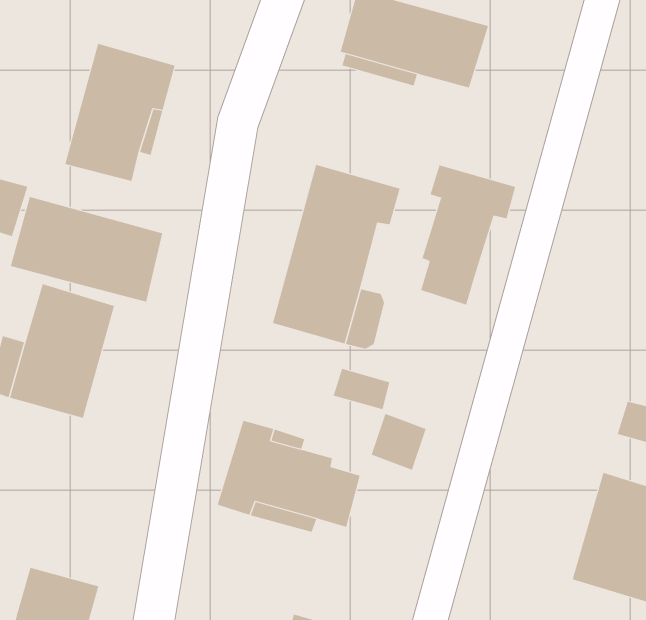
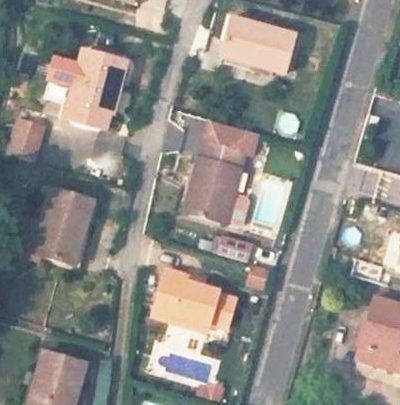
building: none -> [44,56,79,103]
building: [421,165,516,305] -> none
building: [10,196,163,303] -> none

